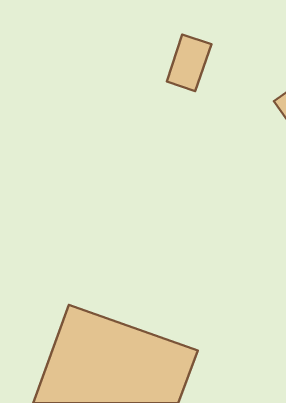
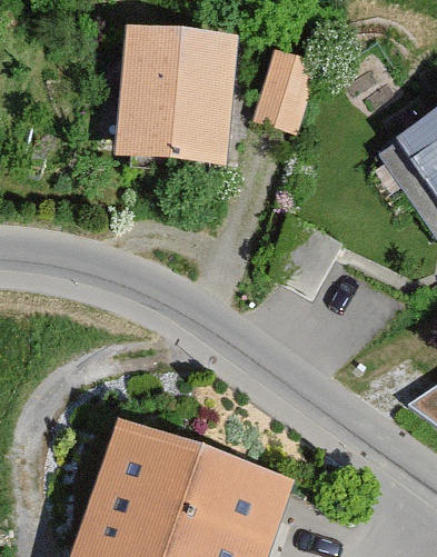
building: none -> [116,30,235,166]

